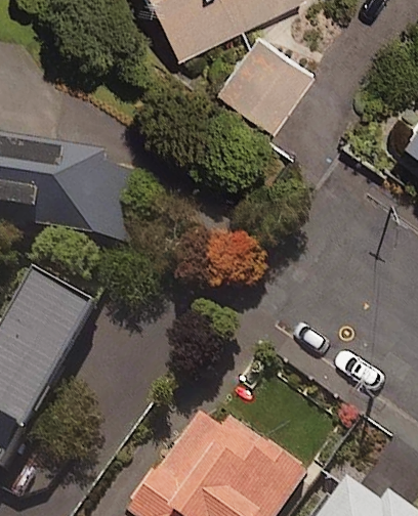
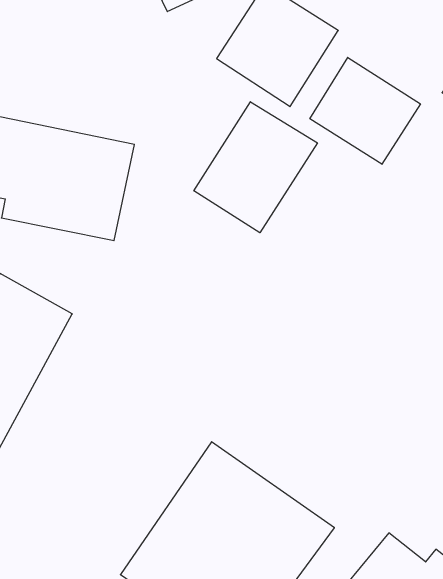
building: none -> [310,57,420,164]
building: none -> [194,102,317,233]

